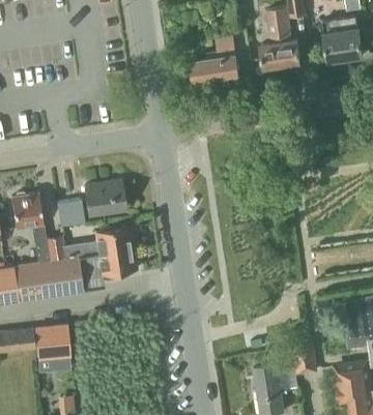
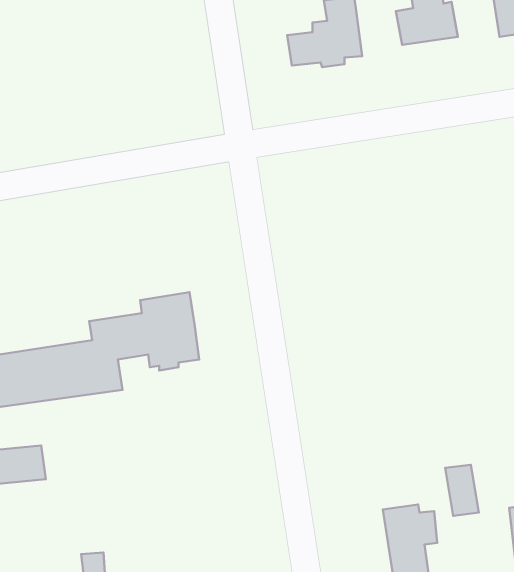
building: [84,180,124,212] -> none
building: [10,191,63,263] -> none
building: [55,199,82,227] -> none
building: [34,323,69,360] -> none

